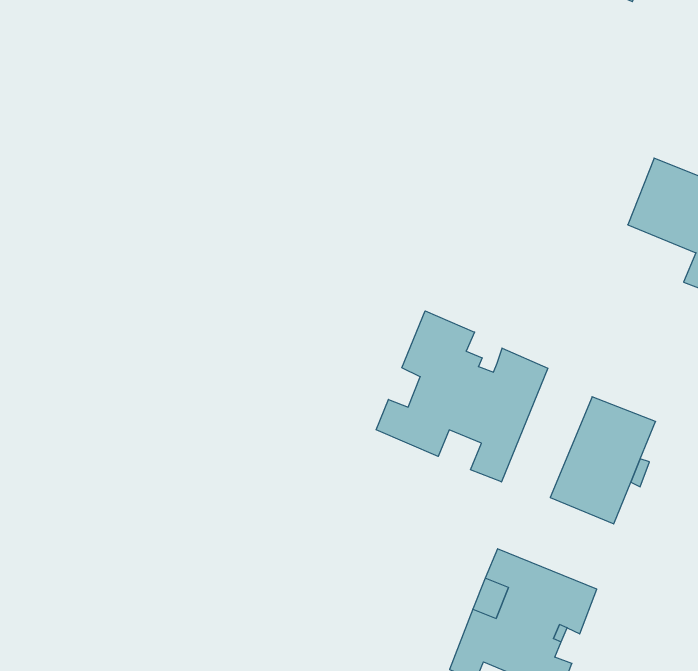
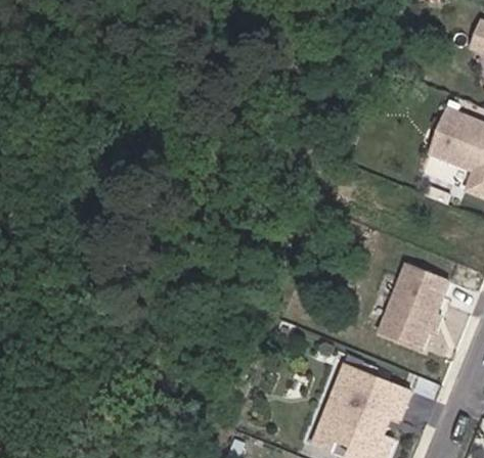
building: [376,311,548,482] -> none

